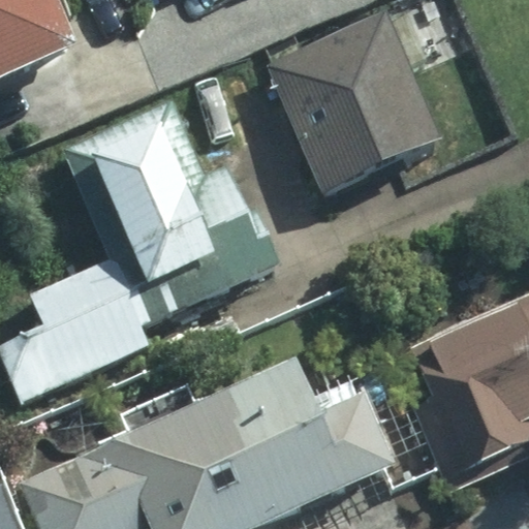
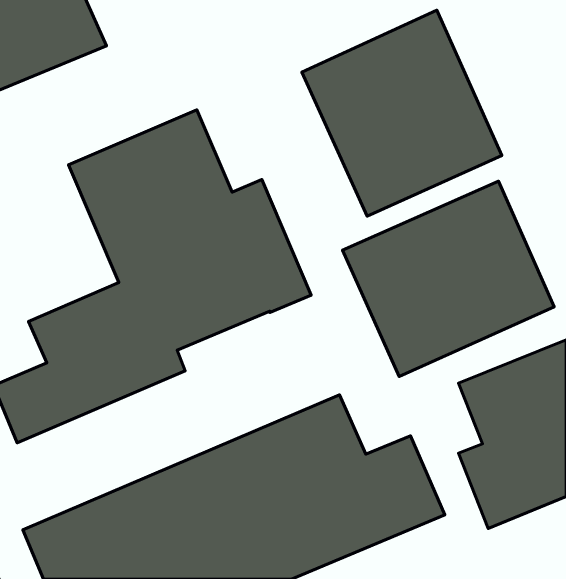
building: none -> [342,181,554,376]

